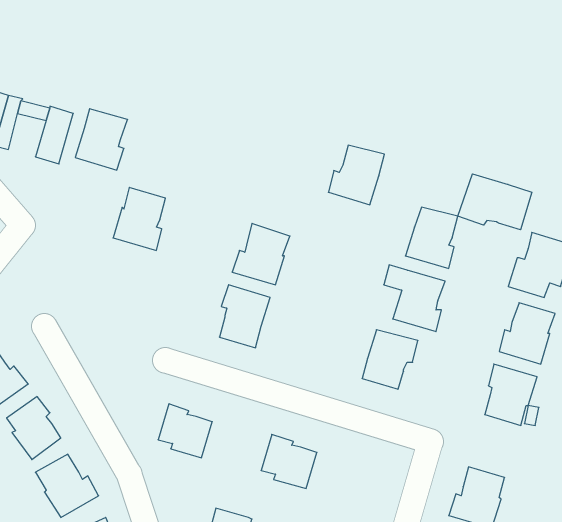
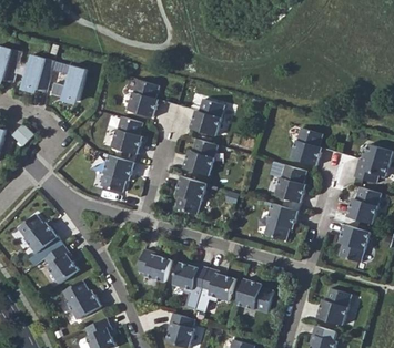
building: [75,109,128,170] -> [127,80,159,117]
building: [328,145,384,205] -> [190,100,224,136]
building: [458,174,532,230] -> none
building: none -> [100,155,134,193]
building: none -> [173,263,208,290]
building: none -> [236,279,274,314]

